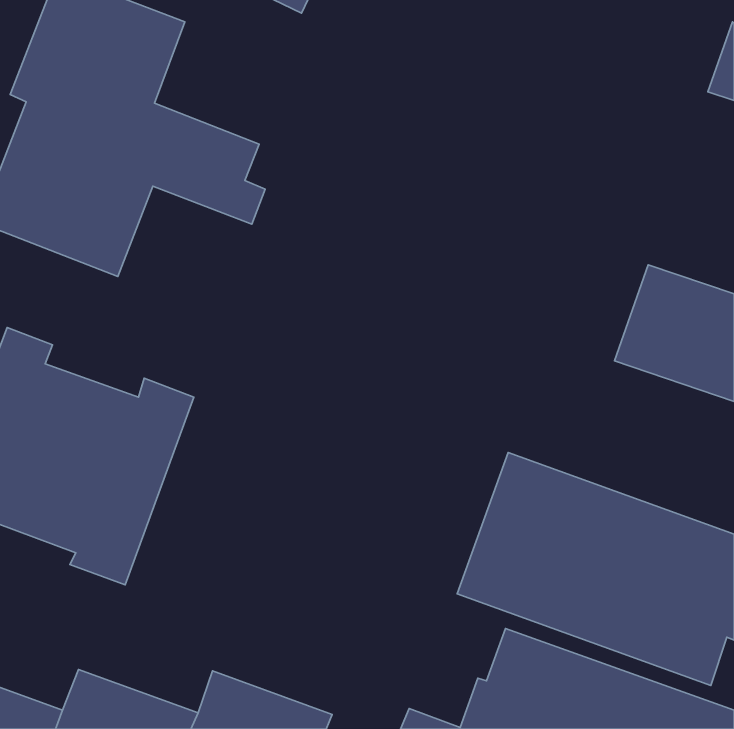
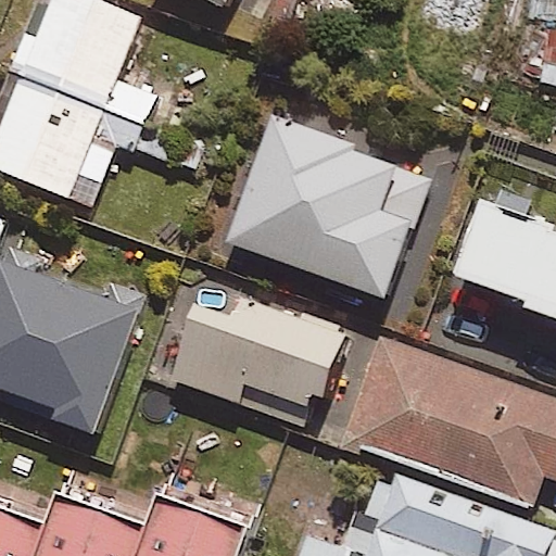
building: none -> [229,119,429,301]
building: none -> [173,301,346,427]

